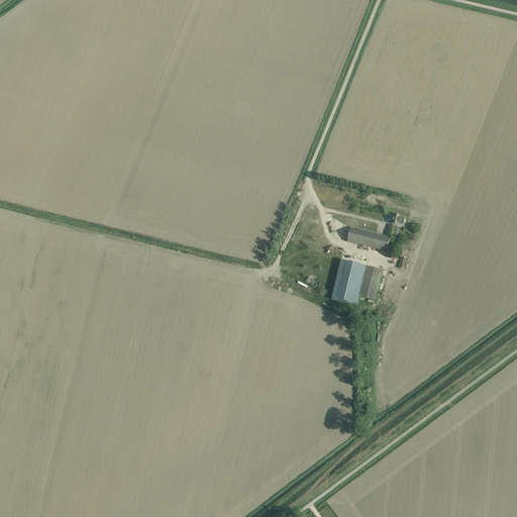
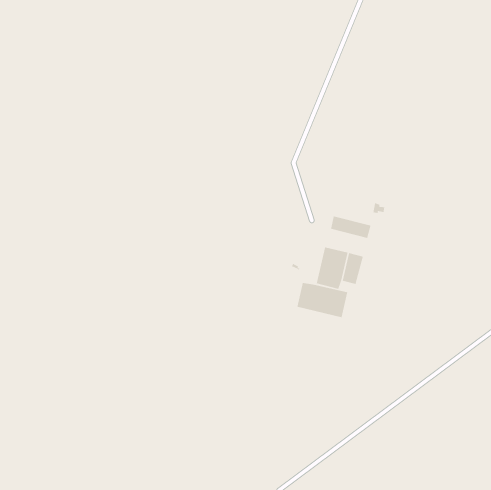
building: none -> [297,282,348,318]

